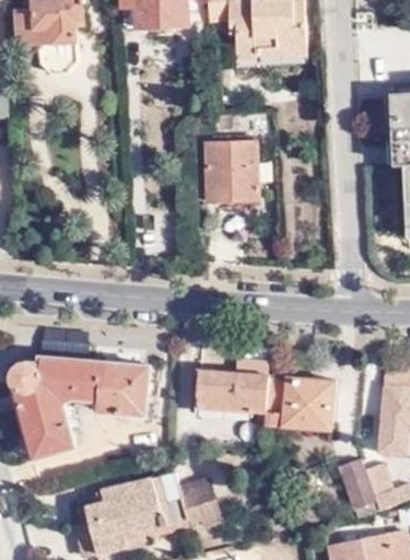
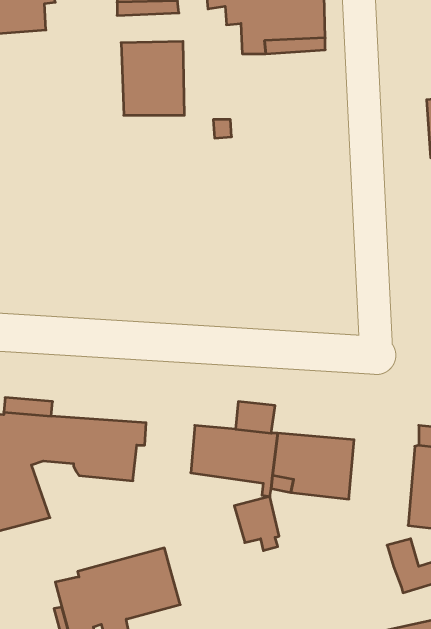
building: [204,142,257,203] -> [121,41,184,115]
building: [335,462,370,510] -> none
building: [177,480,214,525] -> [234,496,279,551]

